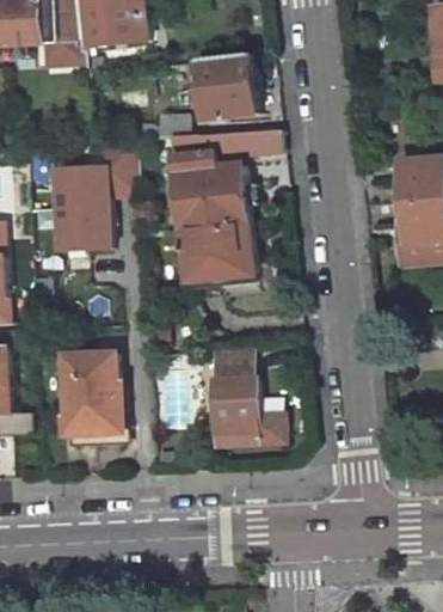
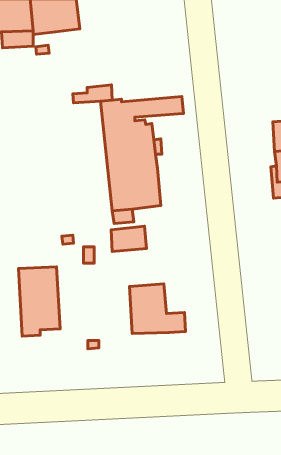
building: [196,54,256,120] -> none
building: [54,145,135,250] -> none
building: [207,348,253,381] -> [111,226,146,251]

